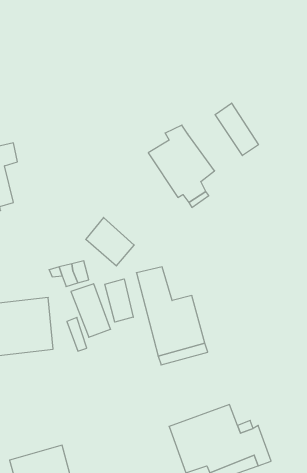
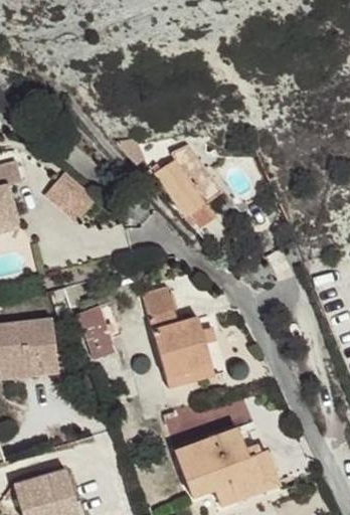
building: [215,103,258,156] -> none
building: [86,217,134,266] -> [45,172,95,221]
building: [105,279,133,322] -> none

